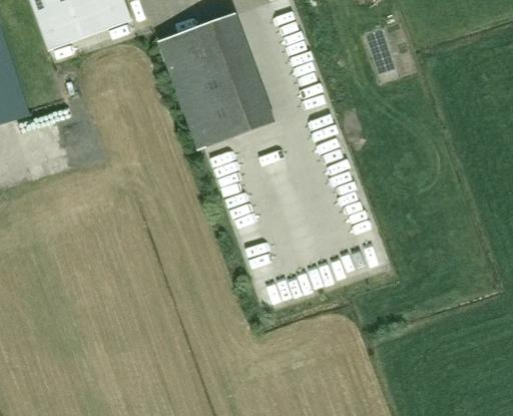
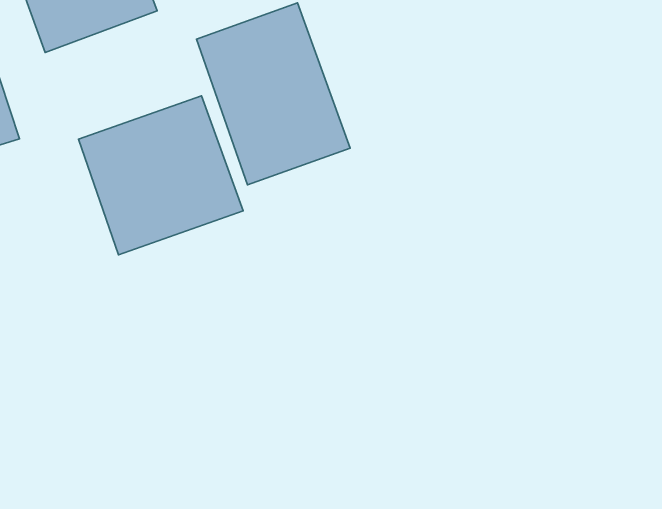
building: none -> [78,96,243,255]

